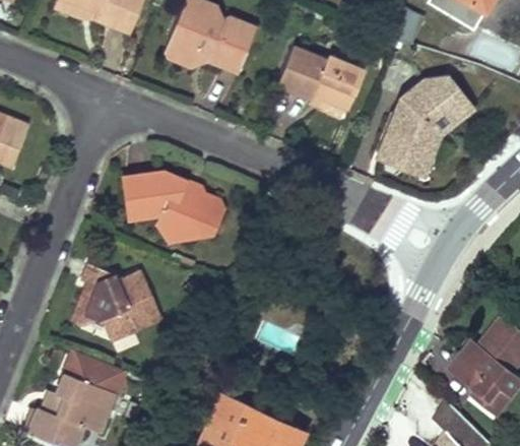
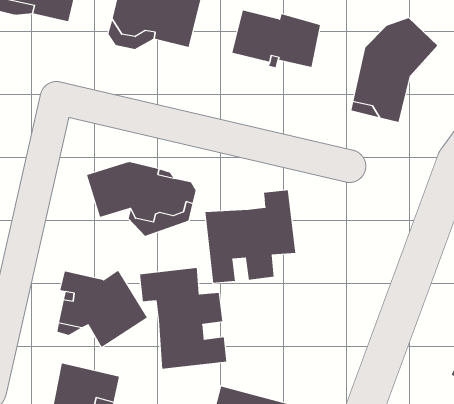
building: none -> [205,190,296,284]
building: none -> [140,267,227,369]

